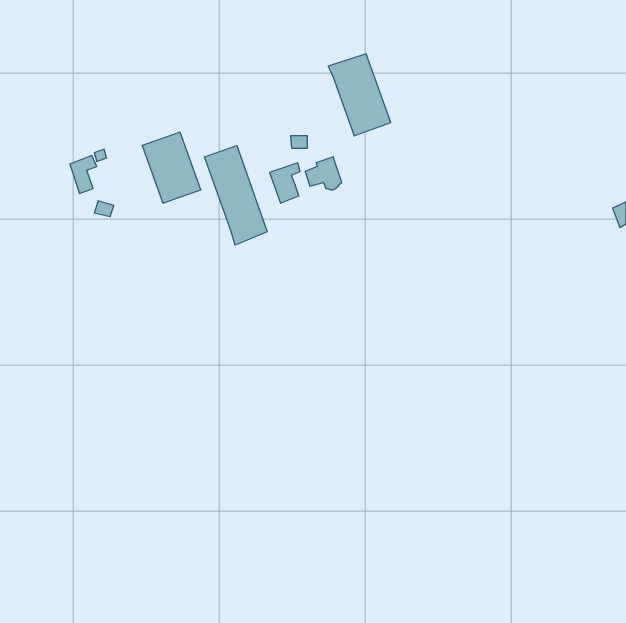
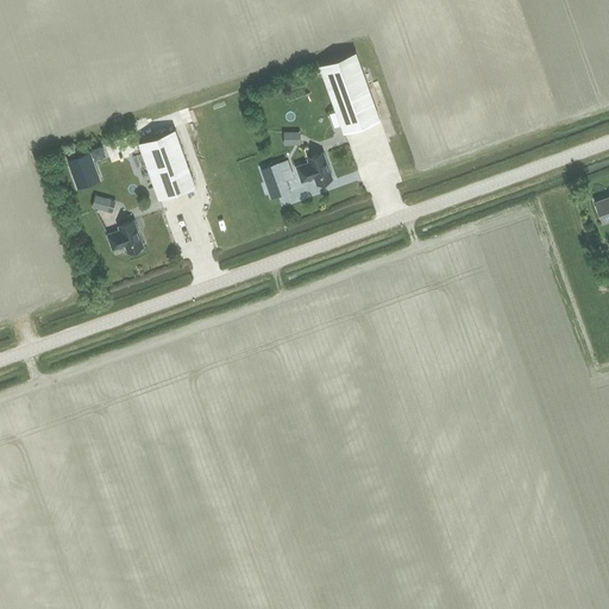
building: [205,146,267,245] -> none
building: none -> [107,222,143,255]

